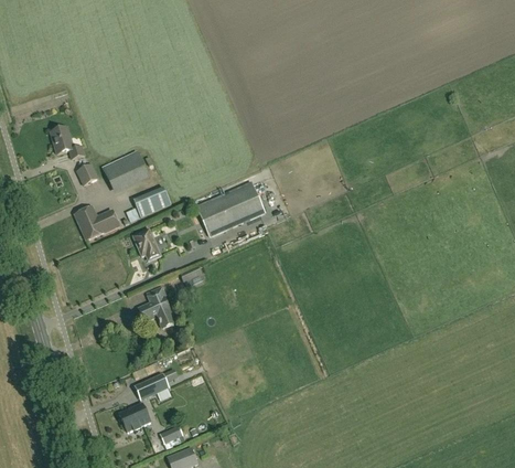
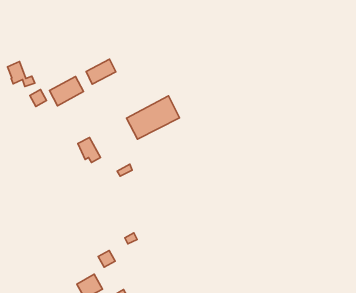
building: [133,188,171,217] -> [86,59,116,84]
building: [75,209,119,241] -> none
building: [139,287,174,328] -> none

